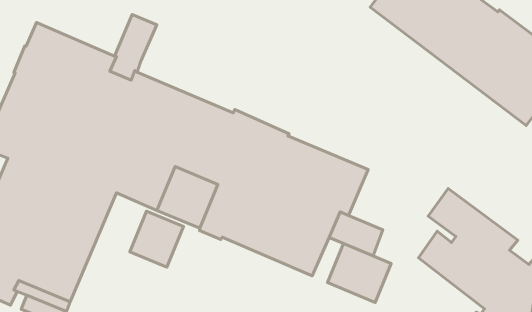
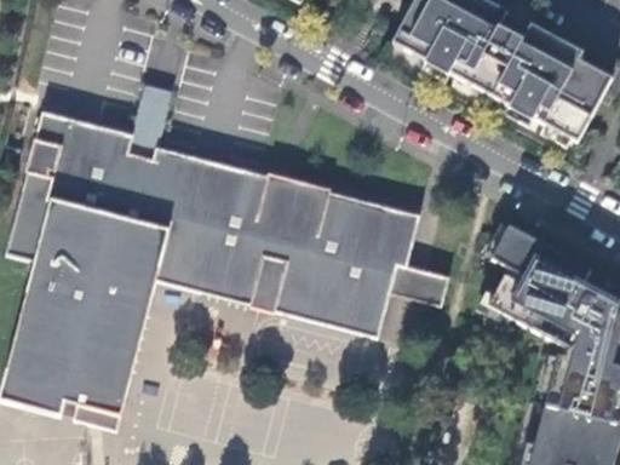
building: [130,211,183,267] -> none
building: [328,243,391,302] -> none

